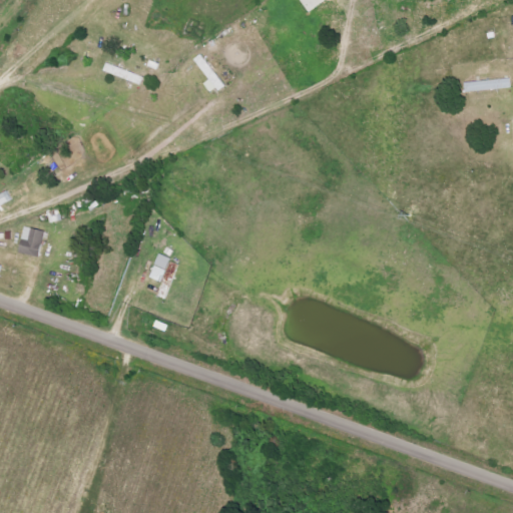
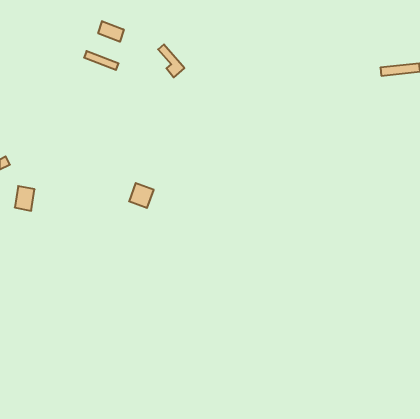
building: none -> [98,21,124,42]
building: [149,254,179,285] -> [129,183,154,208]

